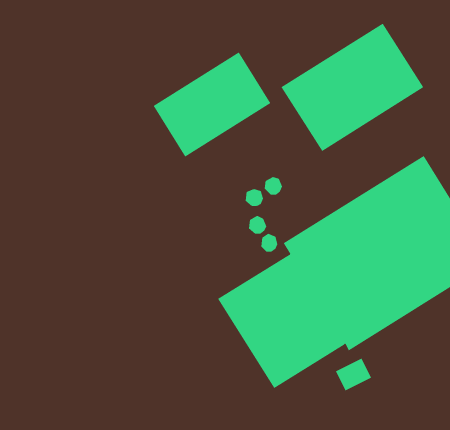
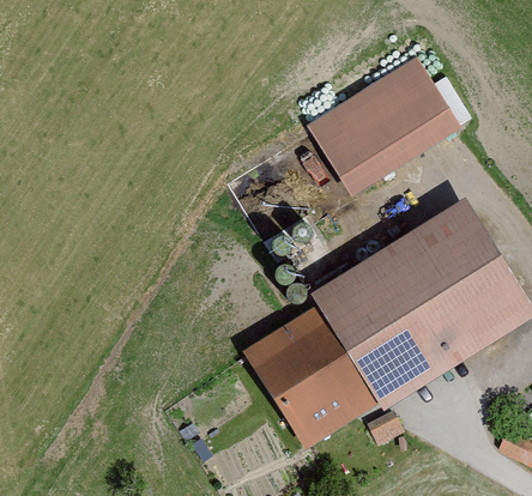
building: [153,52,271,157] -> none

